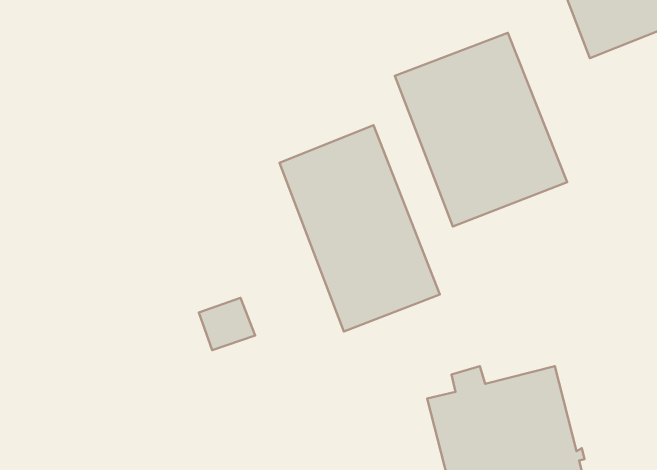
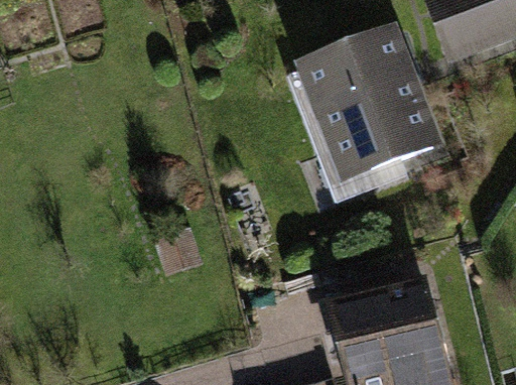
building: [279,125,440,332] -> none

